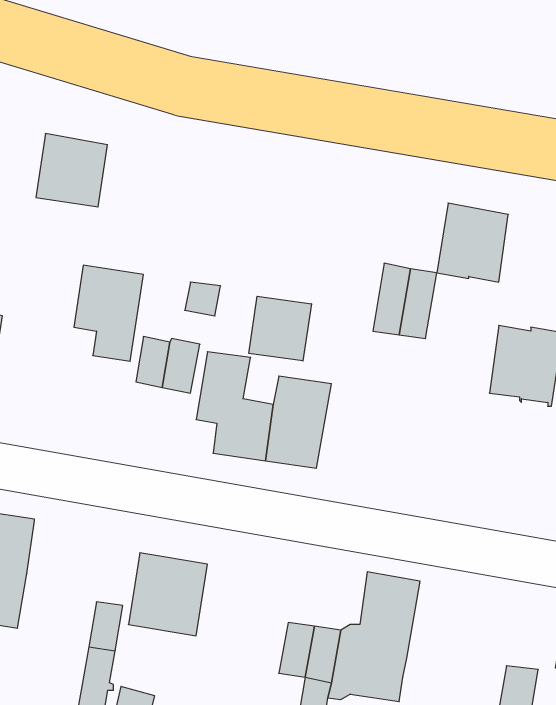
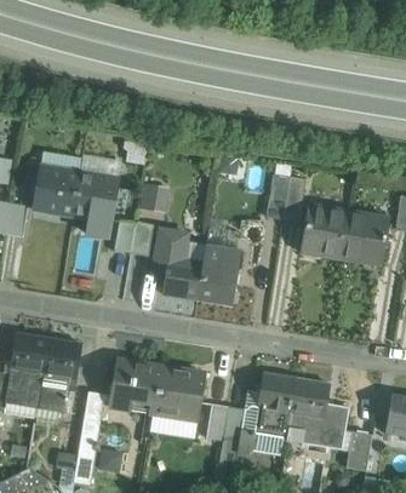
building: [36,134,107,207] -> [33,166,79,213]
building: [437,203,508,282] -> [301,205,347,256]
building: [249,296,311,361] -> none
building: none -> [36,338,80,411]
building: none -> [151,366,204,419]
building: none -> [287,378,348,448]

